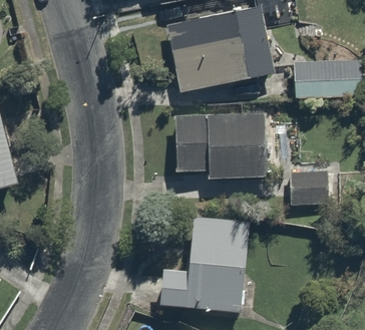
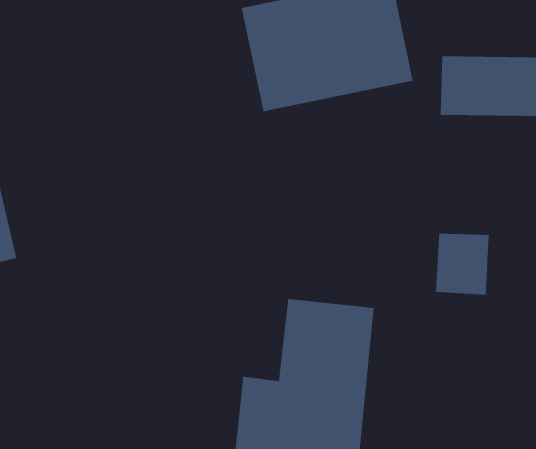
building: [174,115,272,178] -> none

